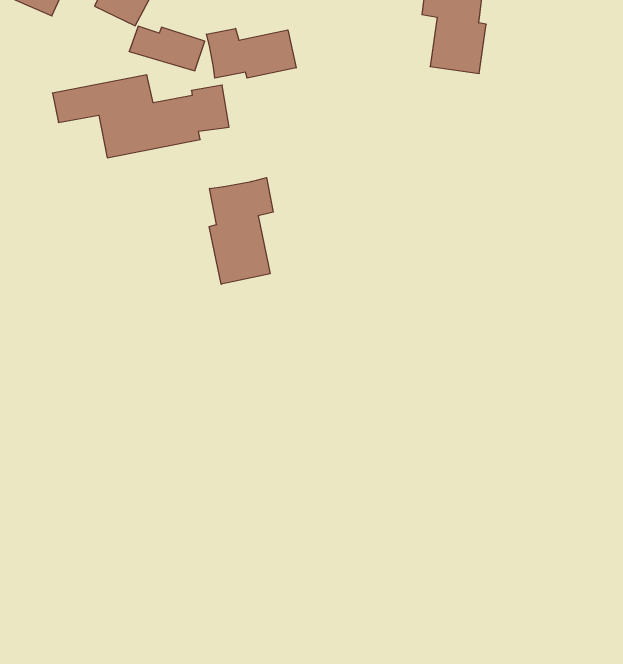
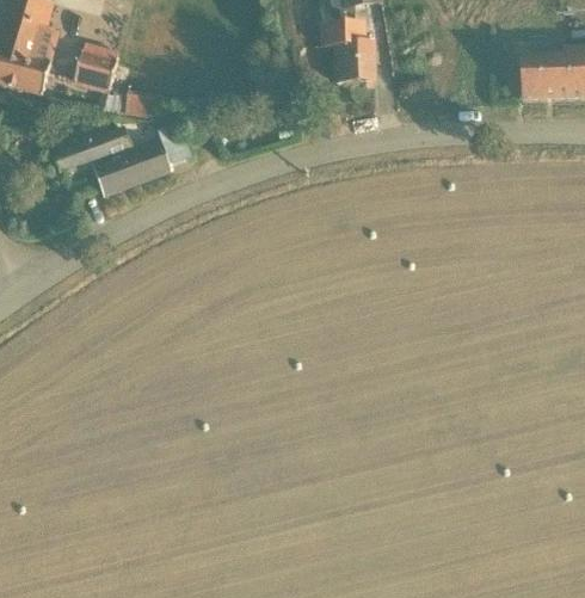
building: [206,28,296,78] -> none
building: [209,178,273,284] -> none

